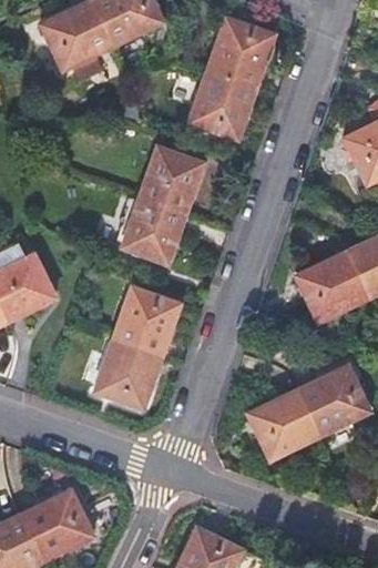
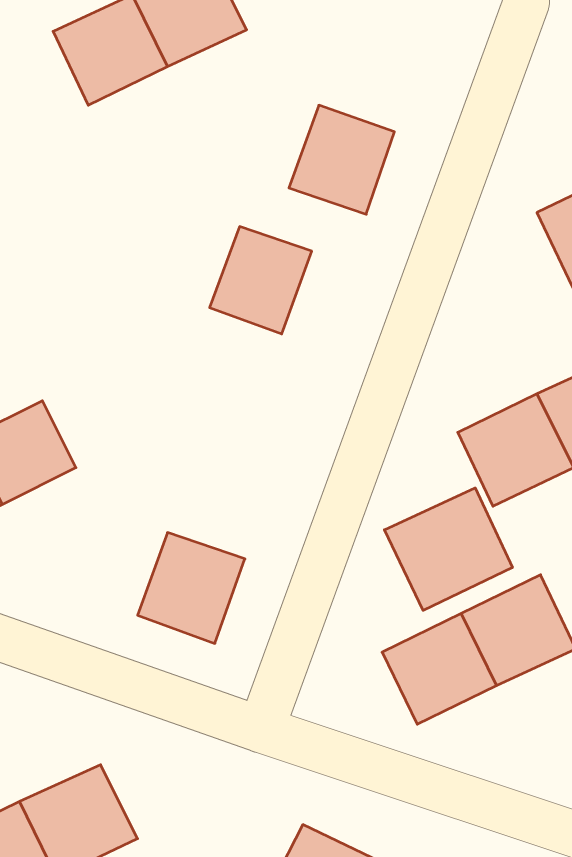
building: [207,18,274,88] -> none
building: [121,199,184,264] -> none
building: [112,288,180,357] -> none
building: none -> [384,488,512,610]

